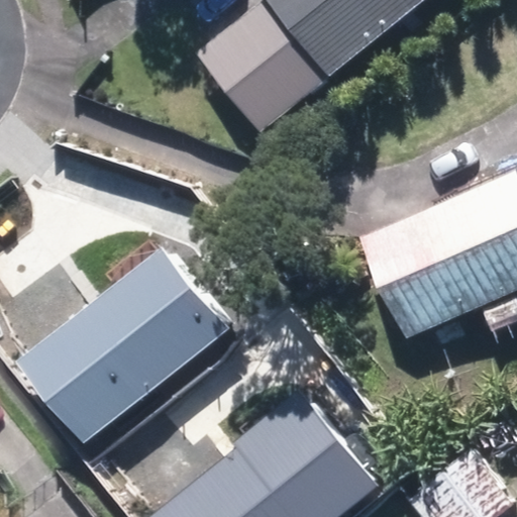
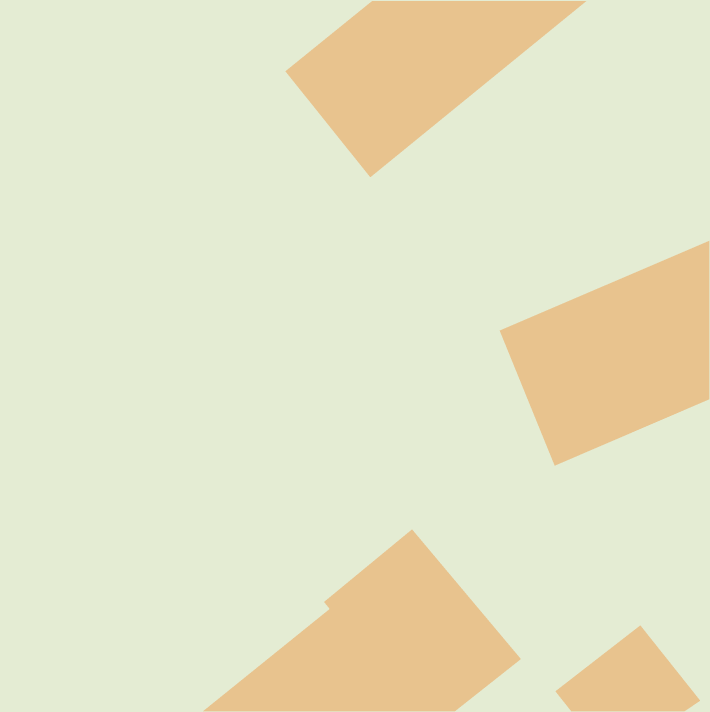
building: [17,253,221,441] -> none

